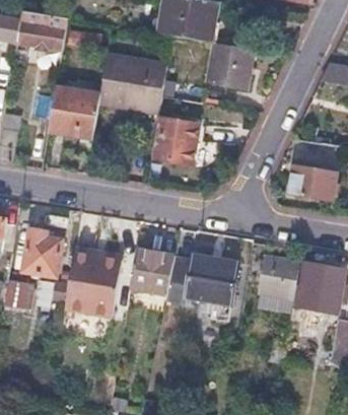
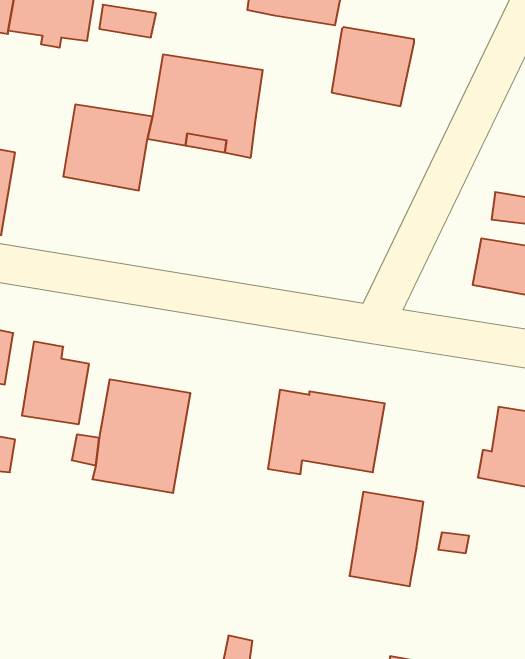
building: [151,119,199,164] -> none
building: [130,250,176,296] -> none
building: [256,258,299,314] -> [349,492,423,586]

